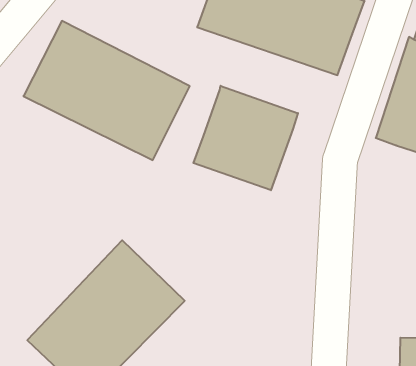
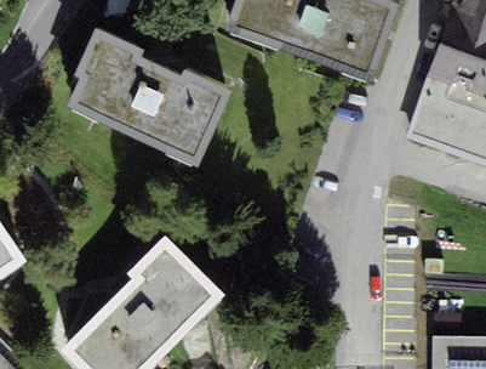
building: [193,86,298,190] -> none

